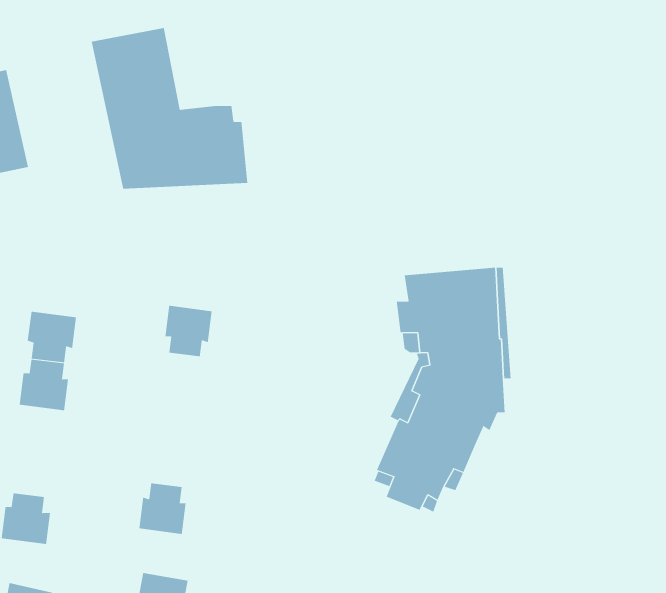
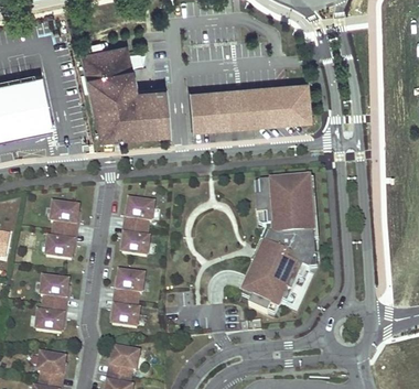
building: none -> [190,85,310,129]
building: none -> [121,226,148,255]
building: none -> [116,271,142,300]
building: none -> [40,277,67,305]

